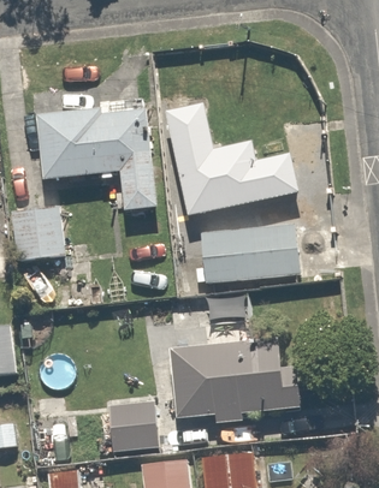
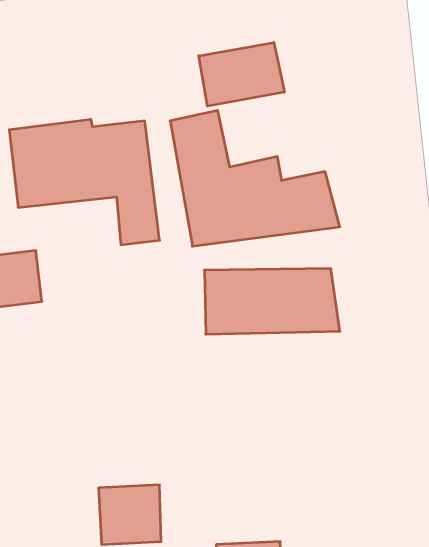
building: none -> [199,42,284,106]
building: [166,341,304,423] -> none

